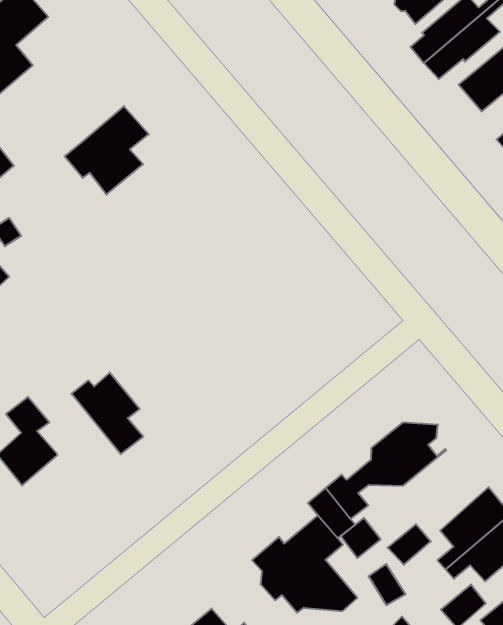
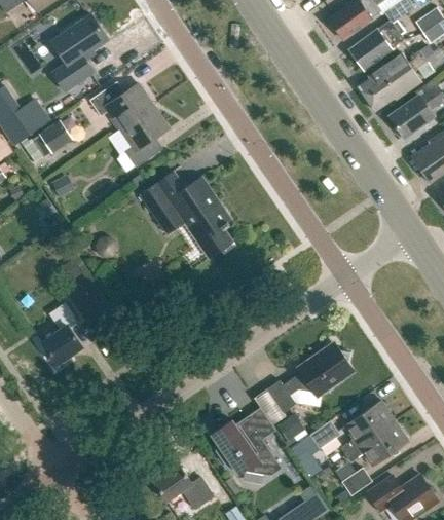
building: none -> [89,81,154,129]
building: none -> [141,171,233,259]
building: [71,372,143,454] -> none

